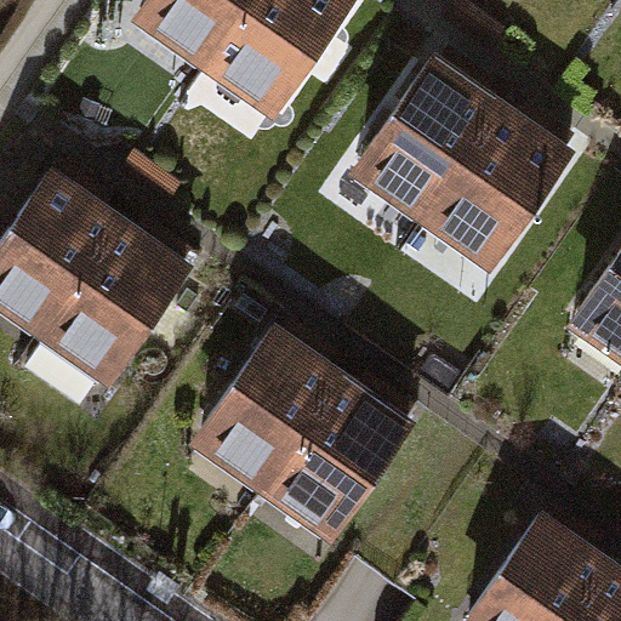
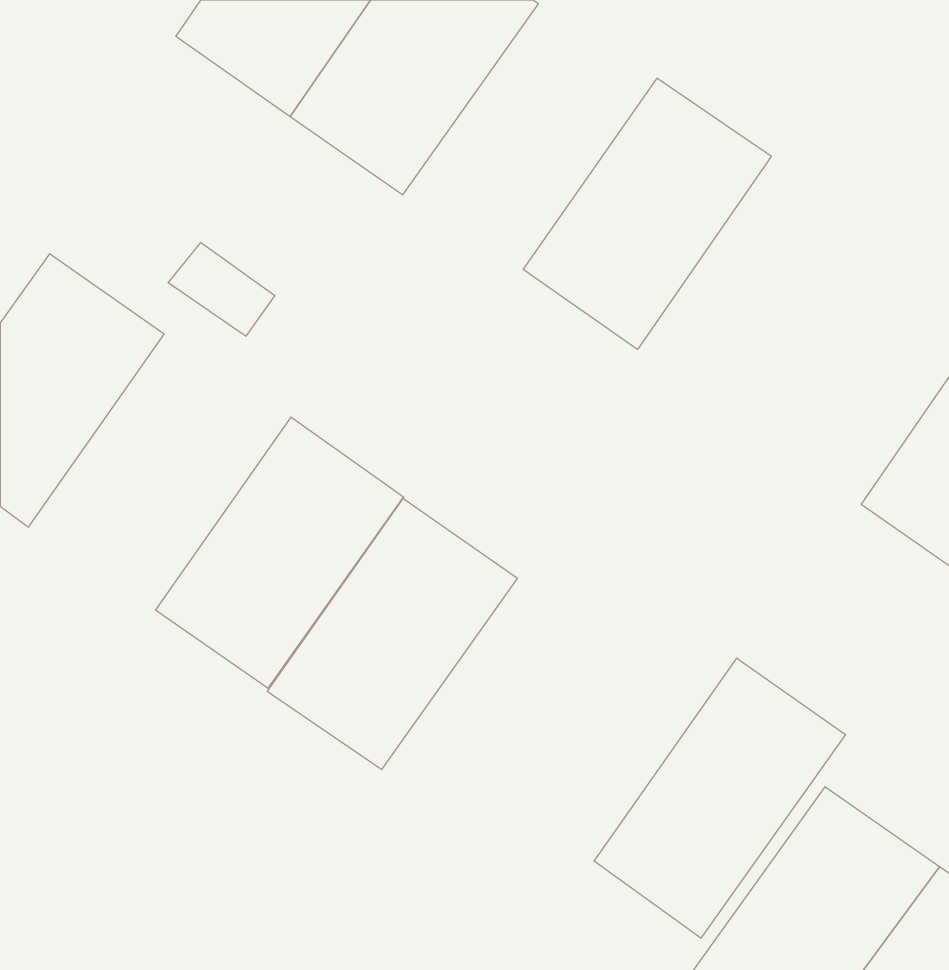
building: [422,103,579,275] -> none
building: [35,216,193,388] -> [155,417,404,688]
building: [260,371,417,543] -> none
building: none -> [594,658,845,938]

